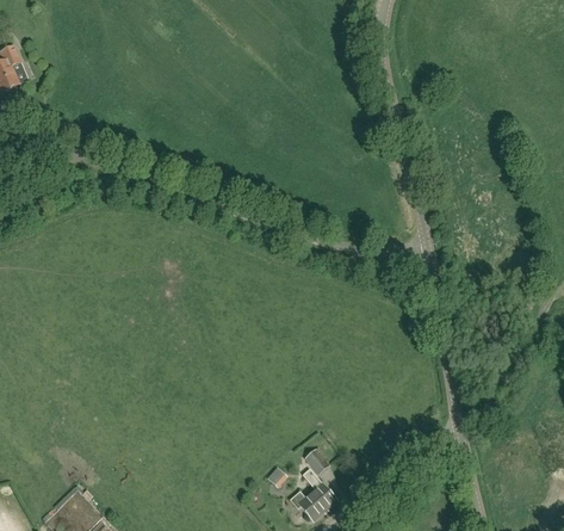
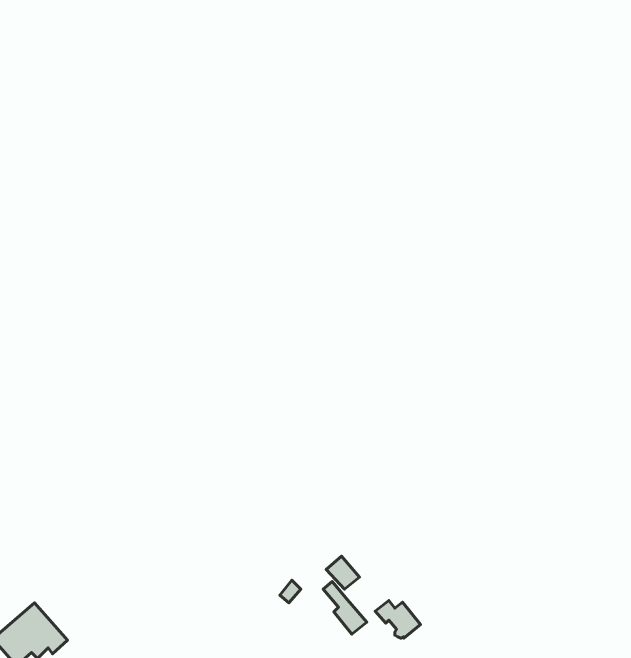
building: [290,492,326,521] -> [375,601,420,638]

